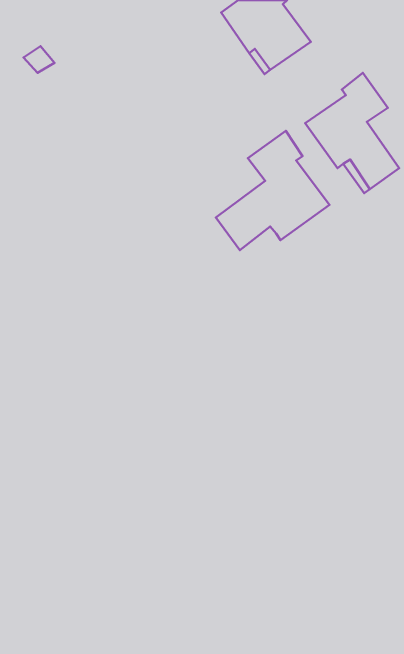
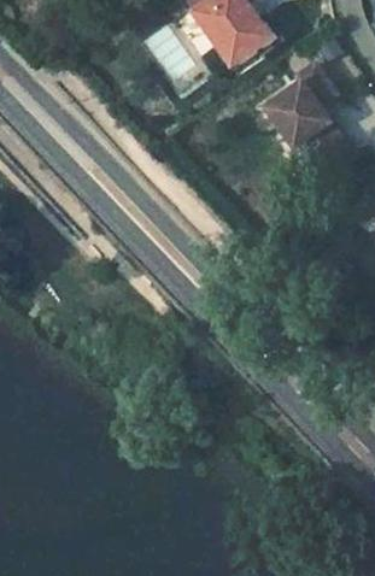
building: [216,131,329,250] -> none

